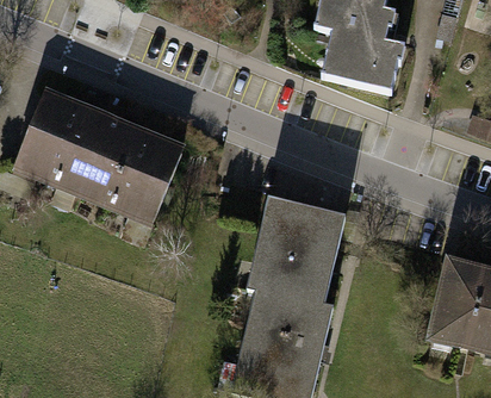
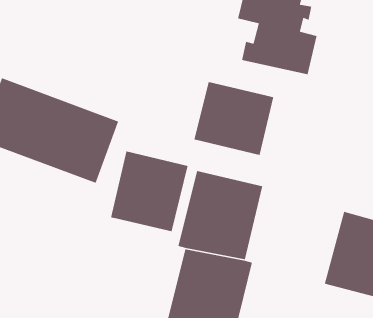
building: none -> [193,81,274,156]
building: none -> [110,150,189,232]

